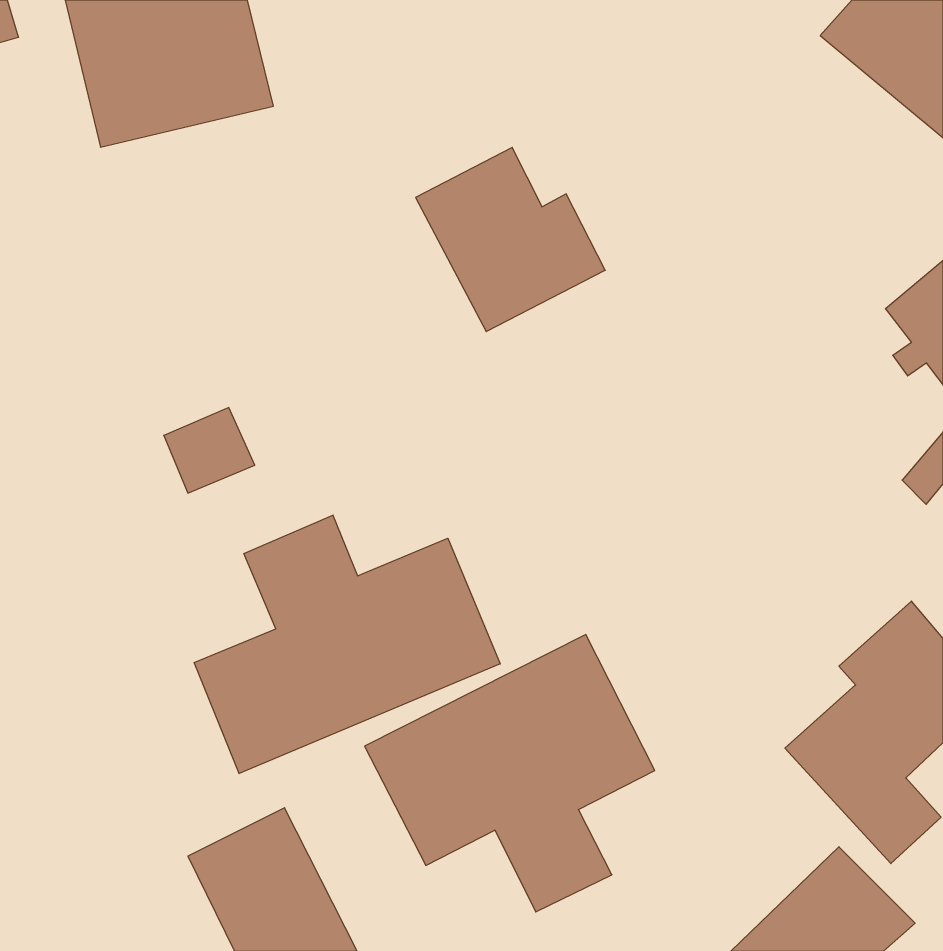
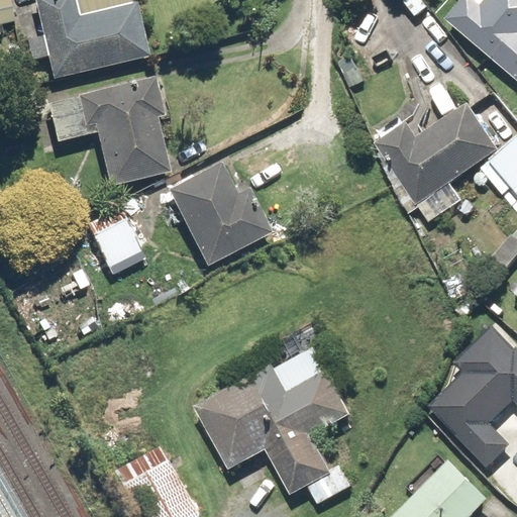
building: none -> [47,79,167,186]
building: [416,147,605,332] -> [167,162,270,262]
building: none -> [379,105,499,204]
building: [194,515,500,774] -> none

